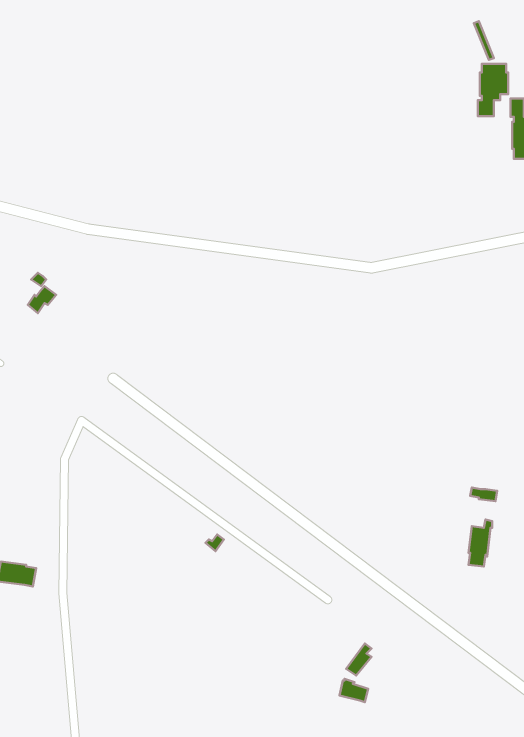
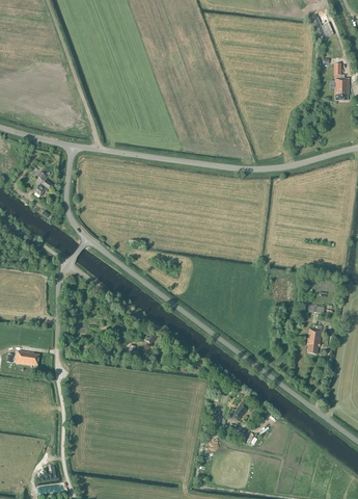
building: [478,64,508,116] -> none

